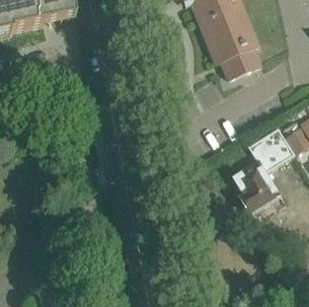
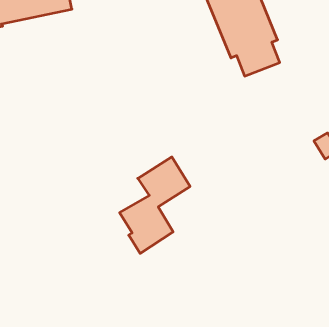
building: [233,128,296,214] -> [120,157,190,253]

